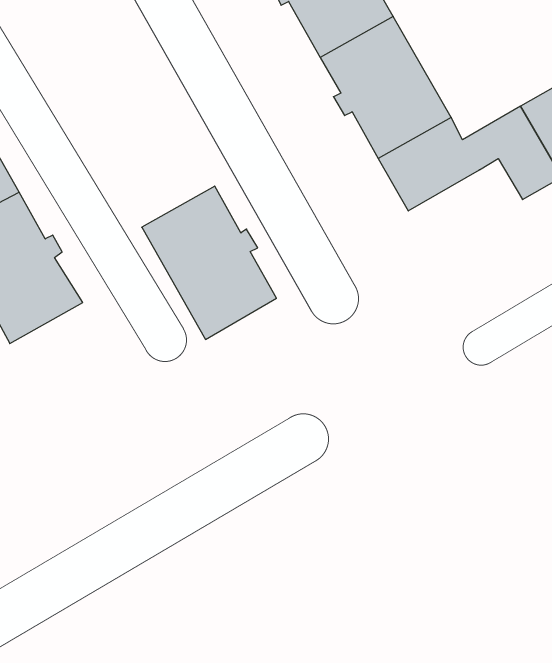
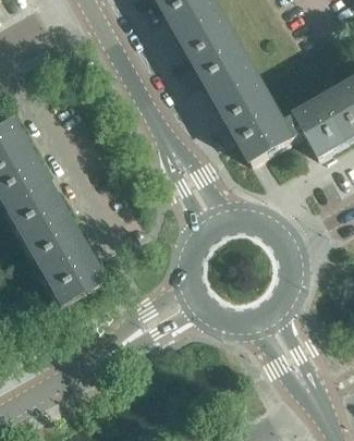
building: [142,186,276,339] -> [20,215,98,304]

